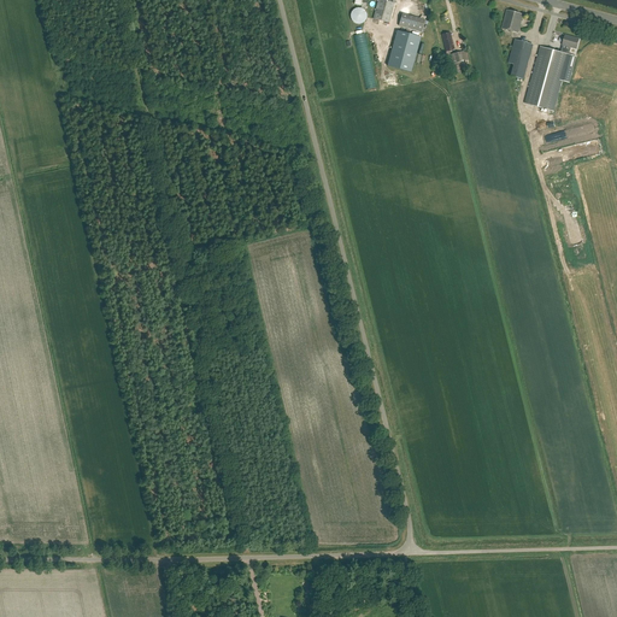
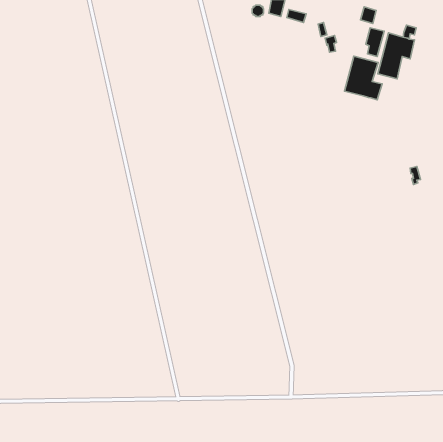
building: [387,29,421,71] -> none
building: none -> [344,56,382,100]

